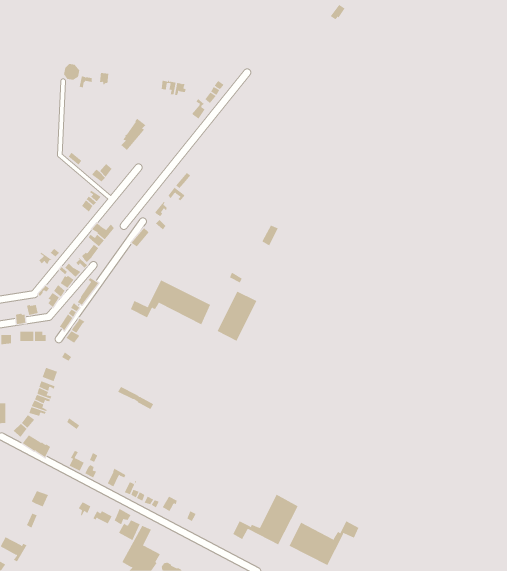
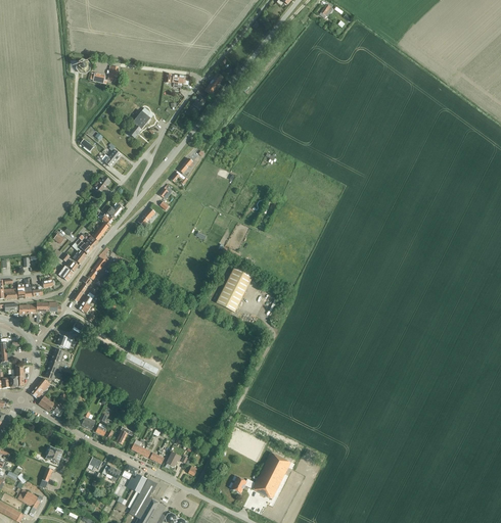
building: [130,279,211,325] -> none
building: [289,521,359,566] -> none

